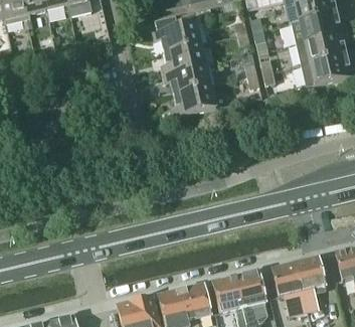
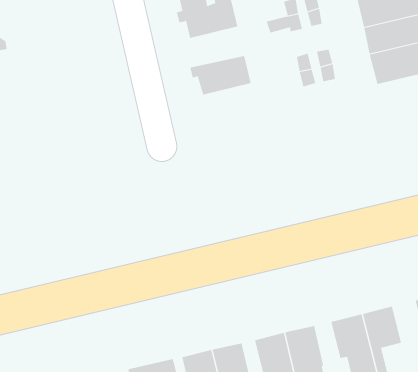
building: [161,42,205,73] -> none
building: [171,86,215,117] -> none

